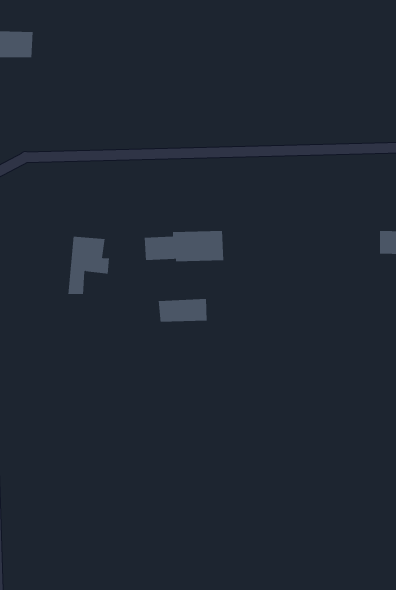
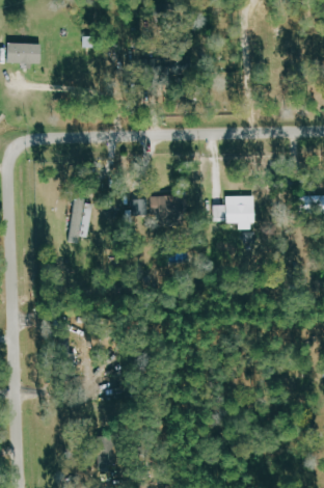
building: none -> [212,195,253,229]
building: [158,298,207,322] -> none

